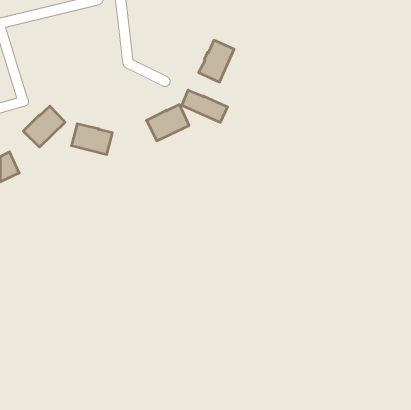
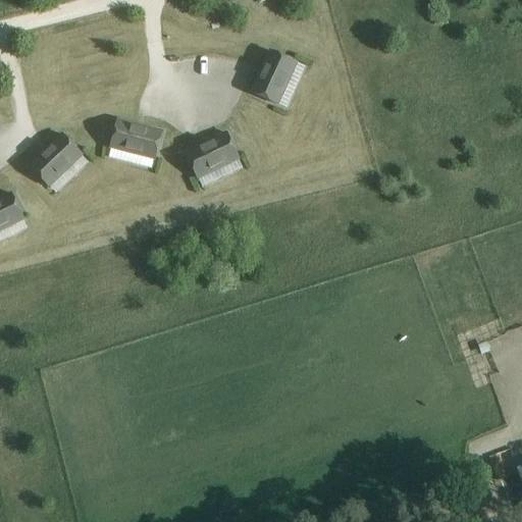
building: [182,90,228,122] -> none
building: [71,124,112,154] -> [111,120,163,159]

